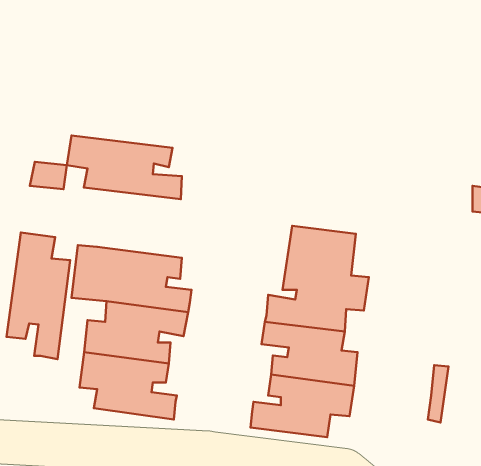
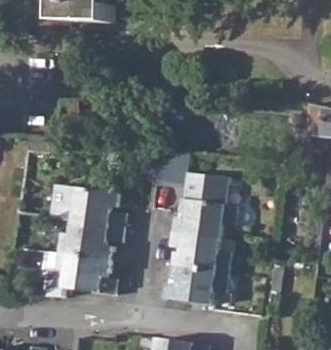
building: [67,135,182,199] -> none
building: [7,232,70,359] -> none

